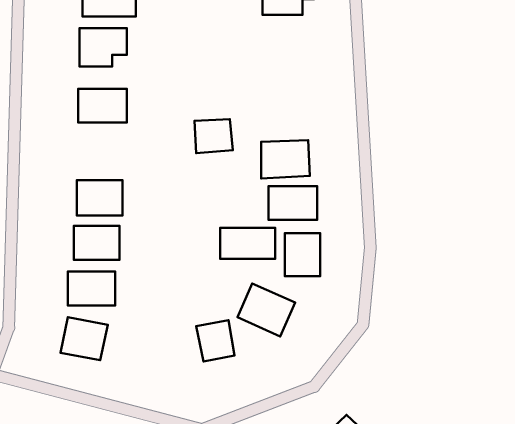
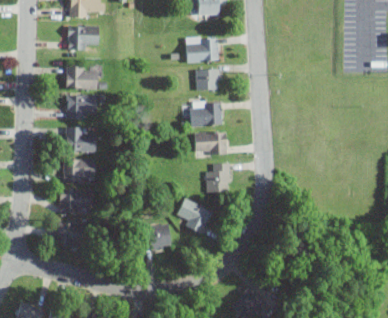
building: none -> [186,37,218,62]
building: [195,119,233,153] -> [195,68,221,91]
building: none -> [65,95,97,117]
building: [220,228,275,259] -> none

